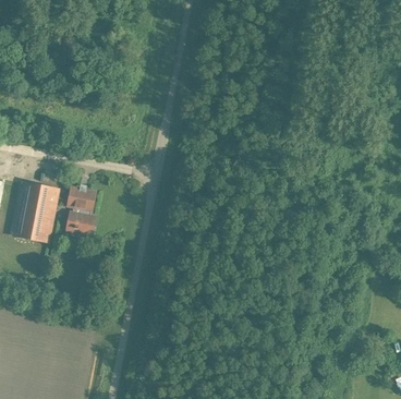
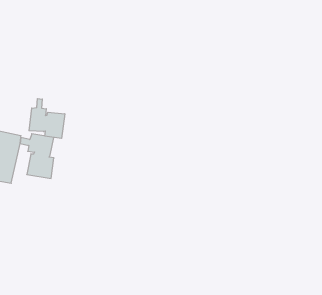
building: none -> [29,99,65,138]

